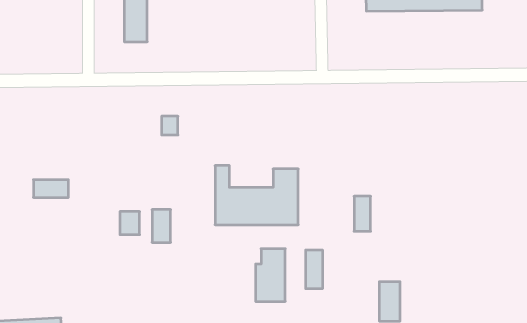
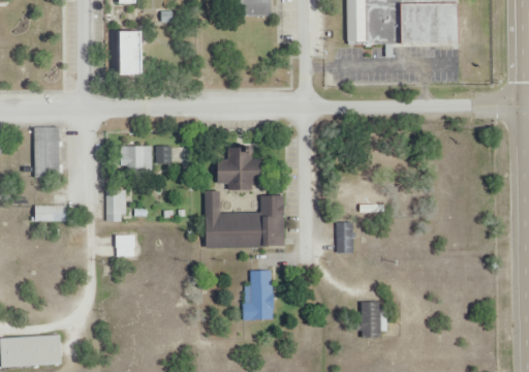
building: none -> [34,127,60,178]
building: none -> [120,145,151,179]
building: none -> [218,155,262,189]
building: [152,210,171,242] -> [106,190,124,221]
building: [306,250,322,289] -> none

